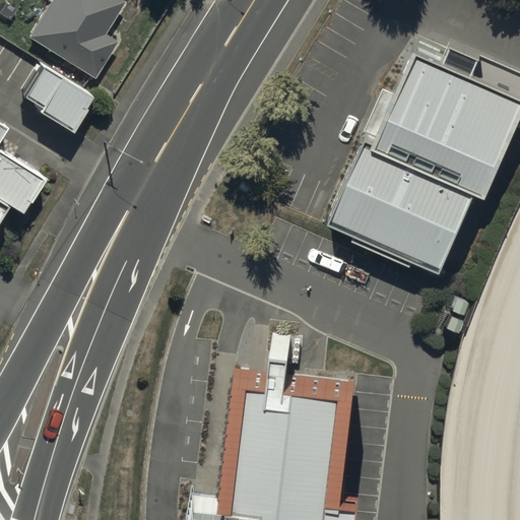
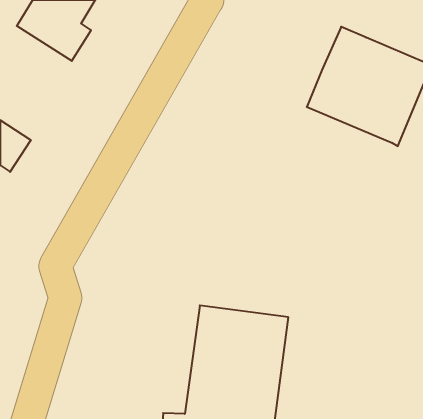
building: [18,69,86,137] -> none
building: [335,135,481,263] -> none

